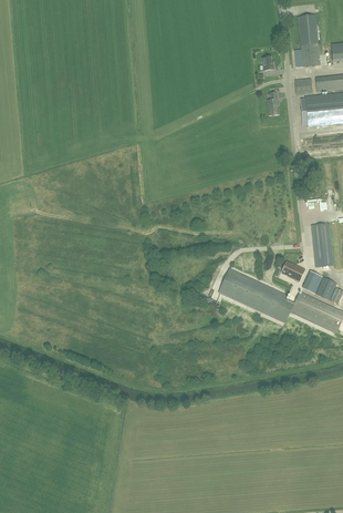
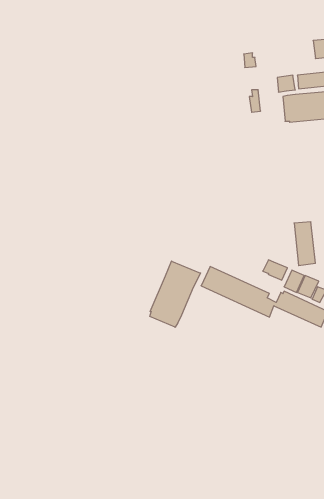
building: [298,16,319,66] -> none
building: none -> [150,261,201,327]

